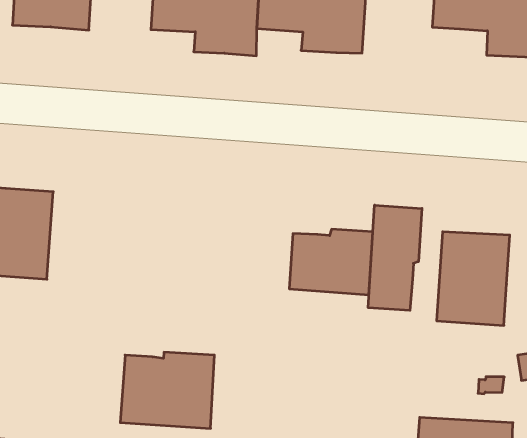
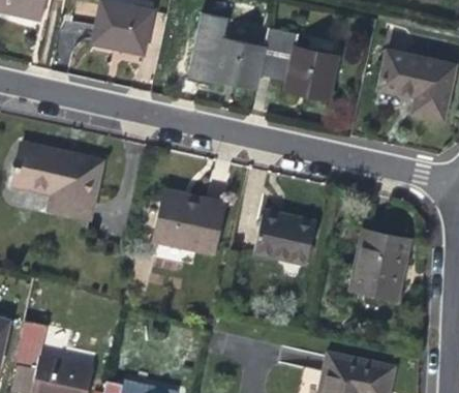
building: [368,205,422,310] -> none
building: [120,352,214,428] -> [153,194,224,253]

